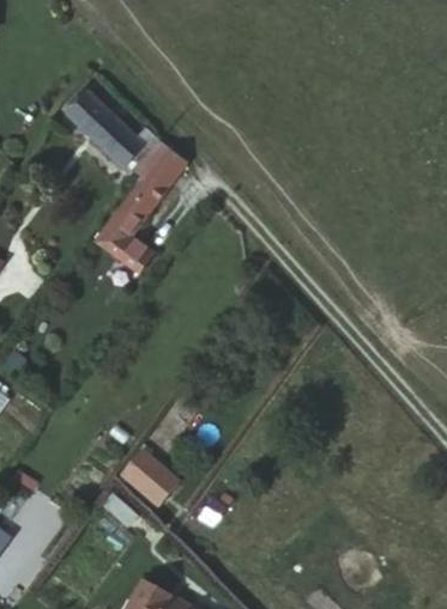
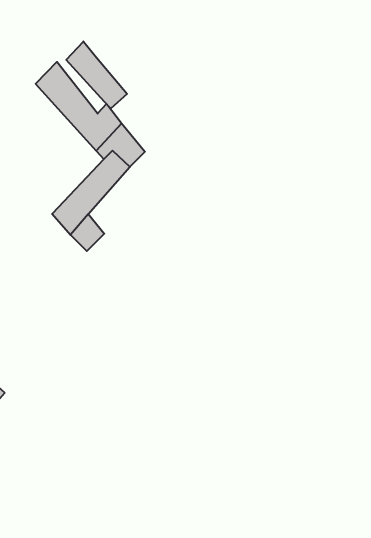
building: none -> [66,41,127,108]
building: [122,446,179,505] -> none

